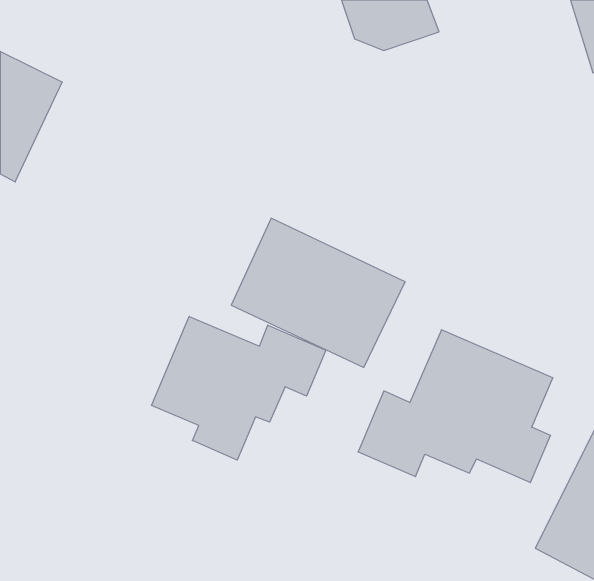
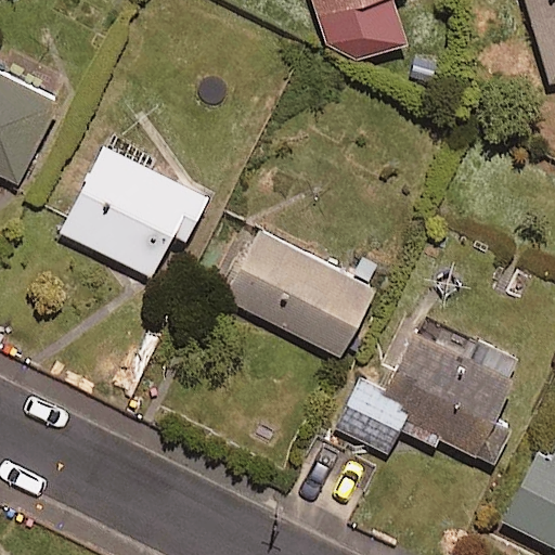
building: none -> [59,135,207,275]
building: [151,316,326,460] -> none

